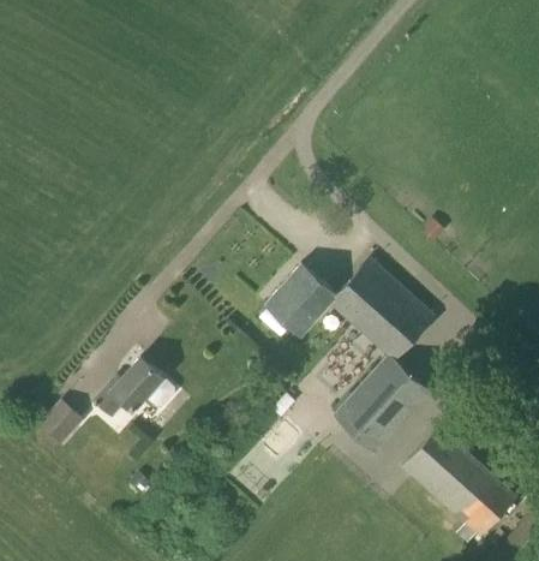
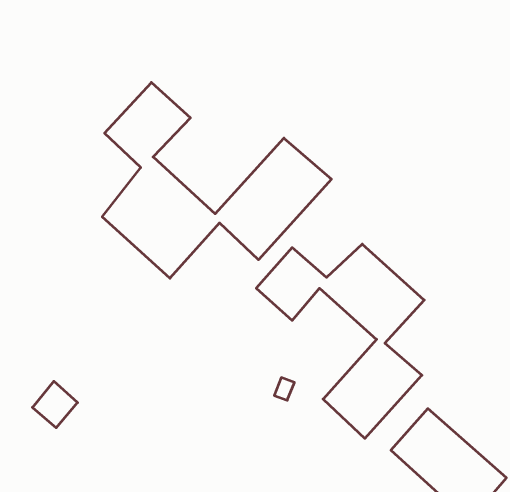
building: none -> [102,82,331,278]
building: [94,357,175,416] -> none

